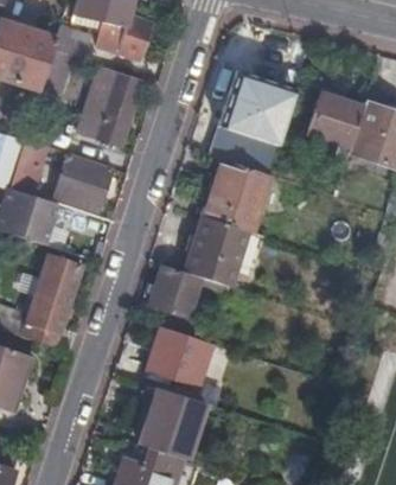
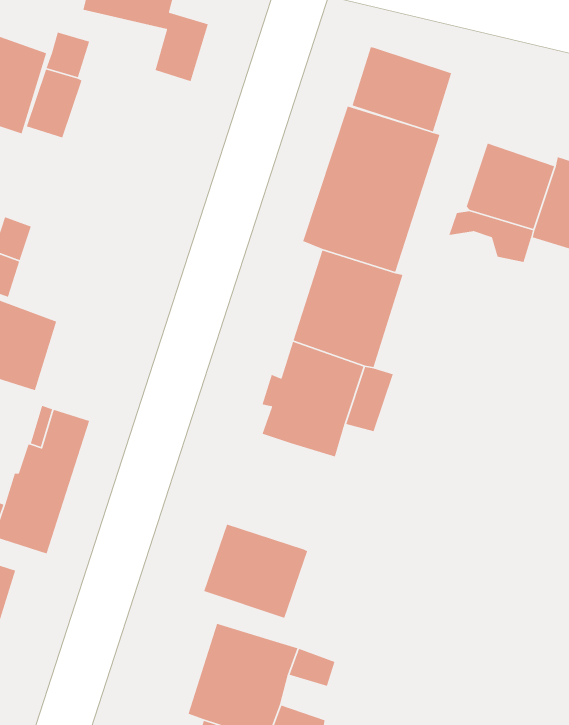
building: none -> [351,46,452,132]
building: [77,66,140,147] -> none
building: [53,154,110,211] -> none
building: [148,266,200,318] -> none

